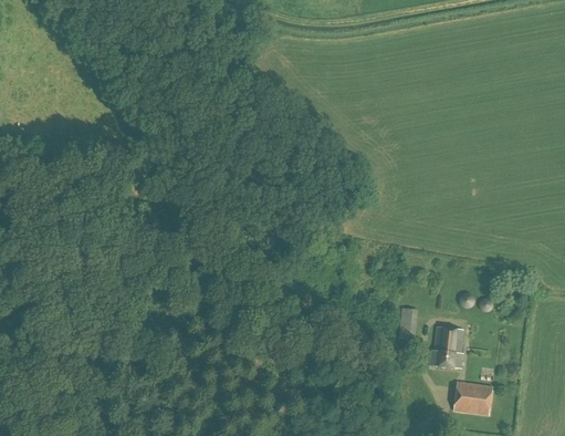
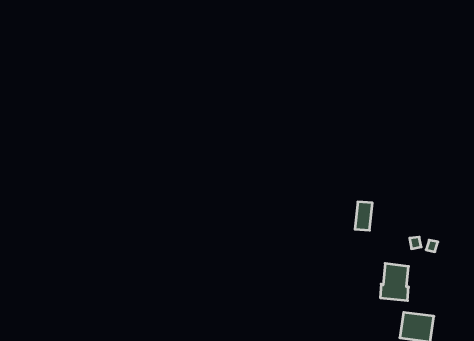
building: [398,308,418,340] -> [355,202,372,230]

